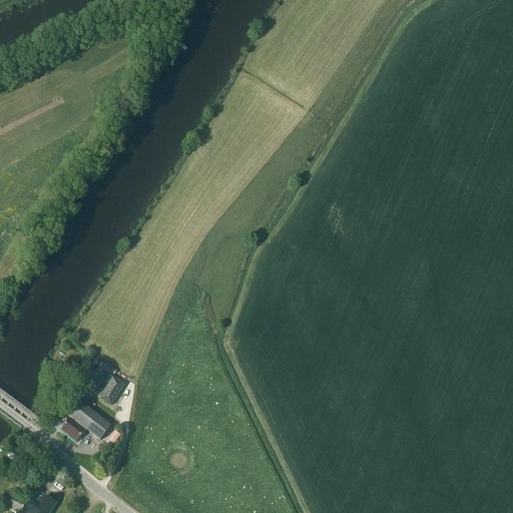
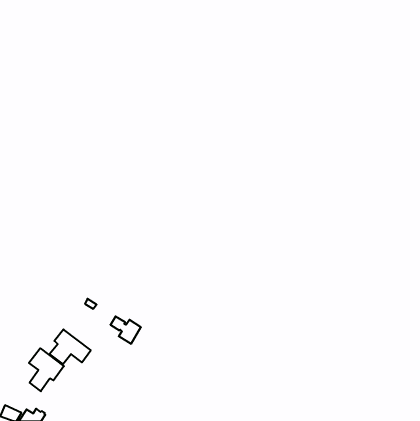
building: [88,372,125,405] -> [110,316,141,344]
building: none -> [29,348,64,391]

